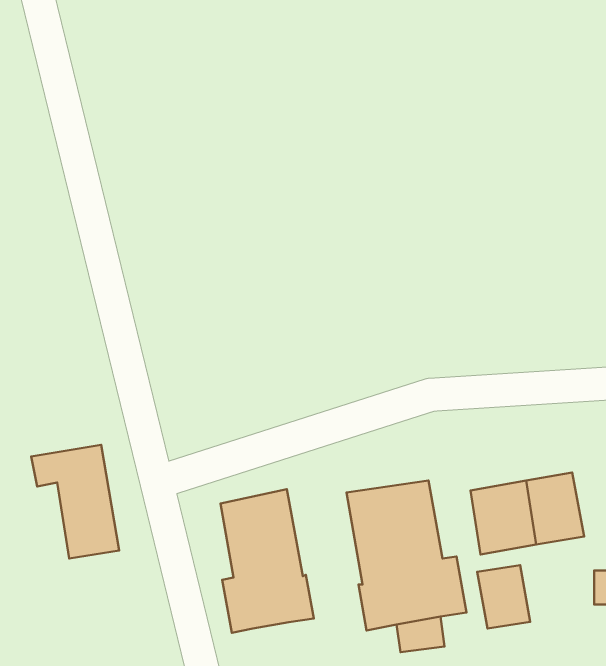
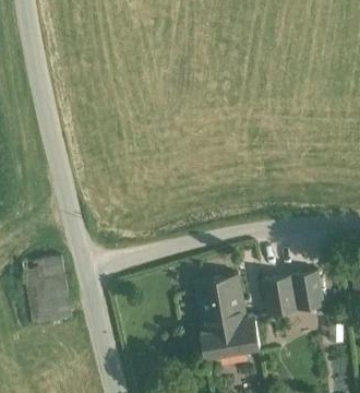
building: [221,489,314,633] -> none
building: [477,565,530,628] -> none

